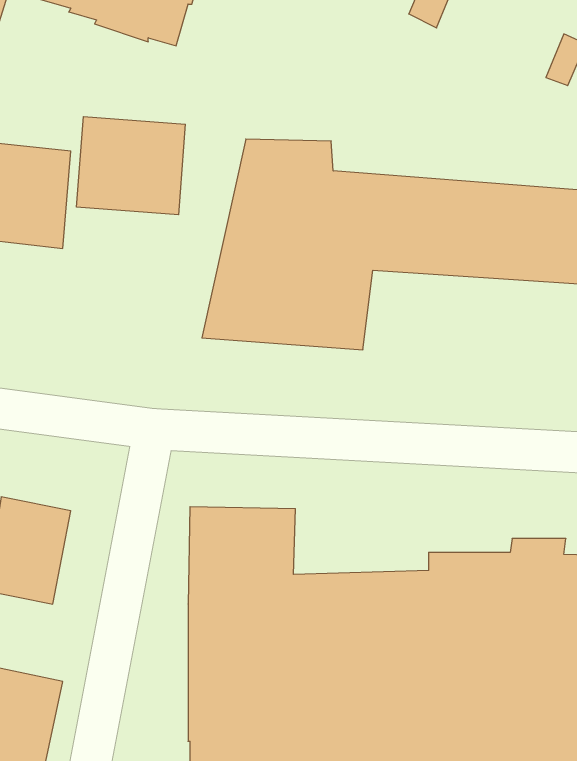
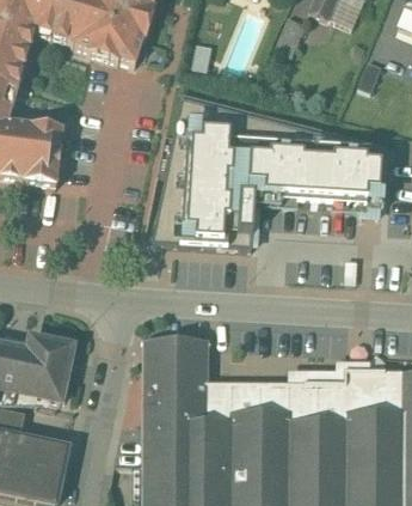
building: [77,117,185,215] -> none

